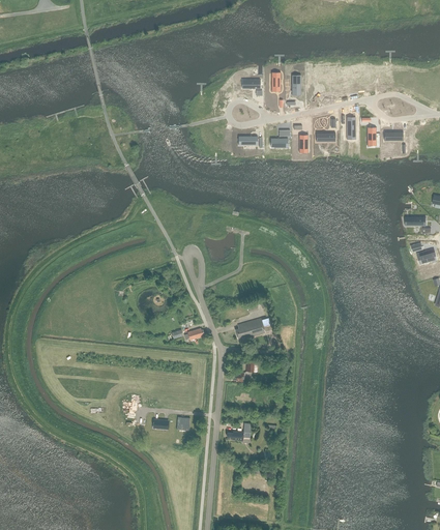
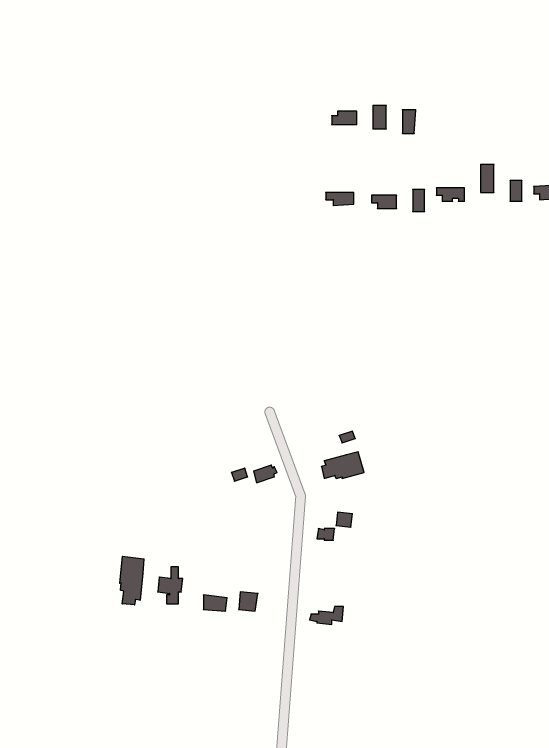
building: none -> [120,556,144,605]

